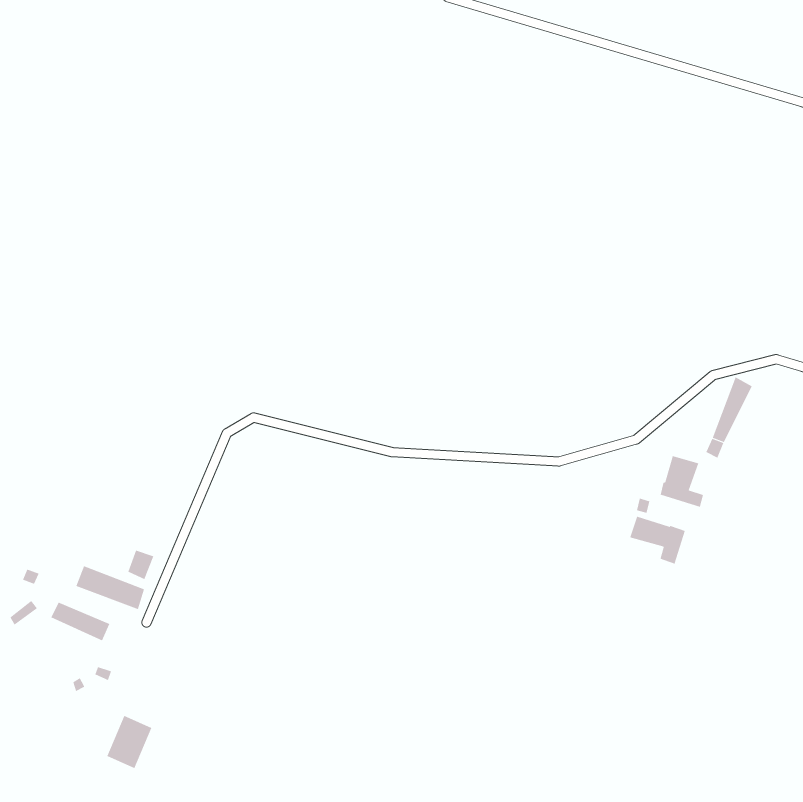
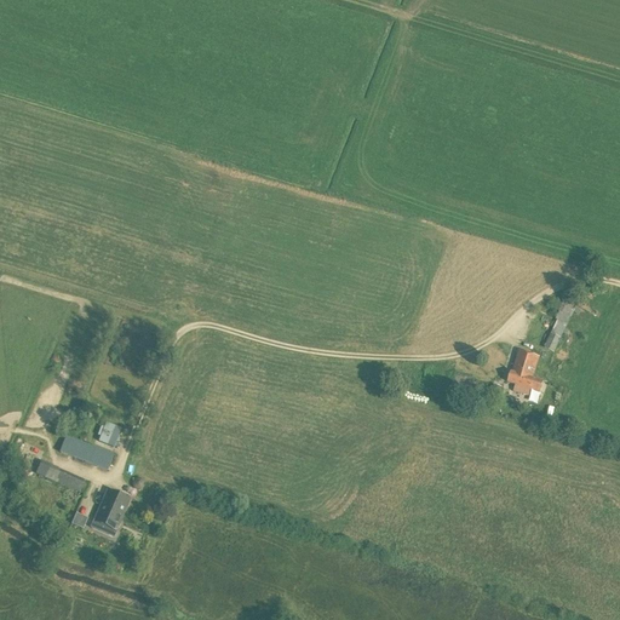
building: [629,516,685,565] -> none
building: [107,715,152,769] -> [93,488,128,529]

